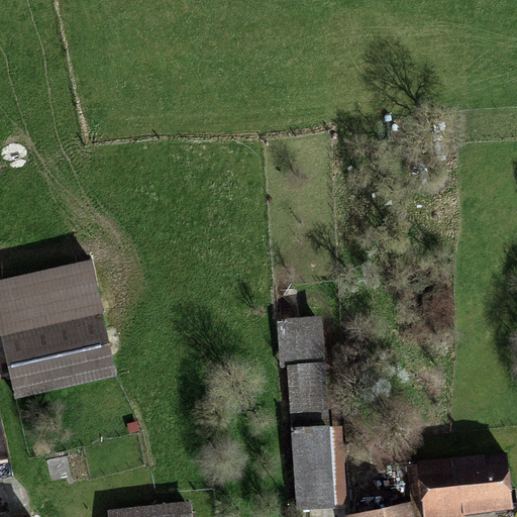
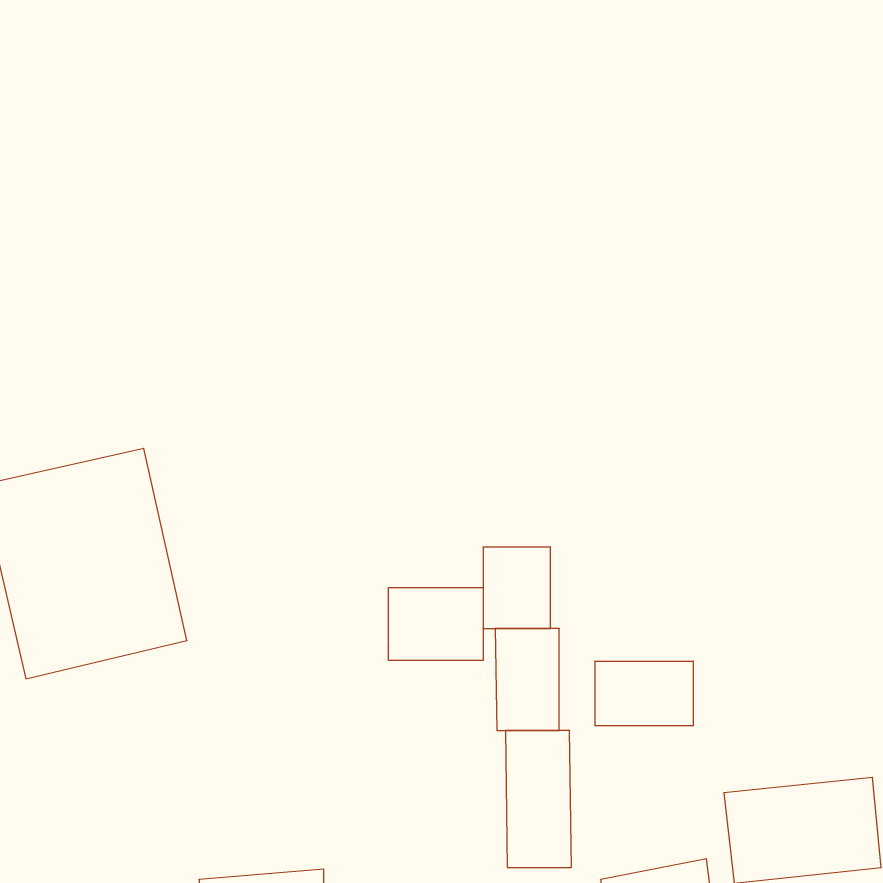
building: none -> [389,588,483,660]
building: none -> [595,661,693,726]

